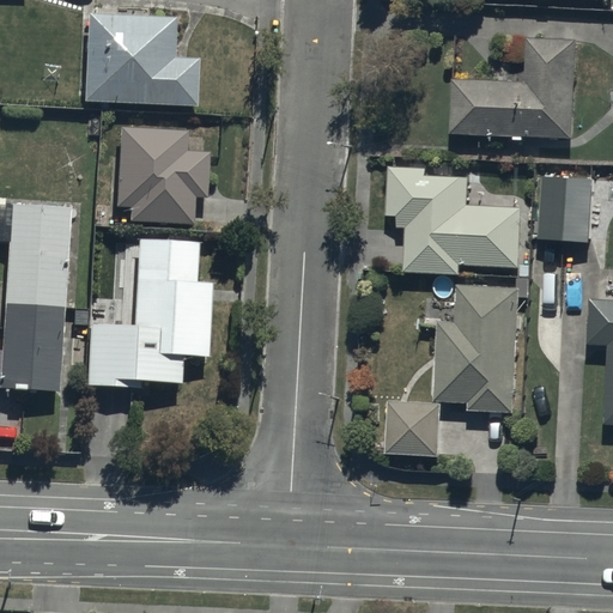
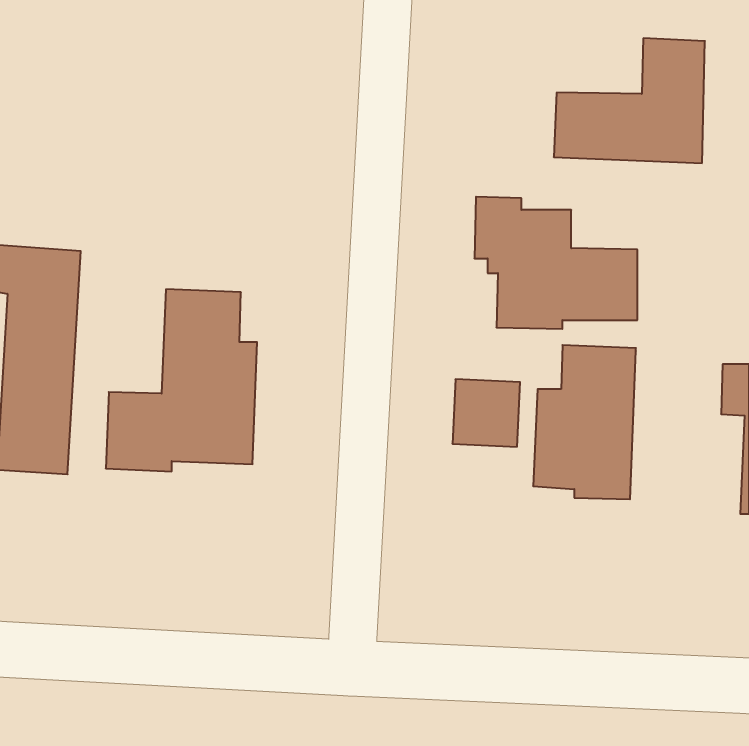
building: [83,13,198,105] -> none
building: [114,127,207,225] -> none
building: [539,175,594,239] -> none
building: [387,401,442,456] -> [452,379,520,447]

